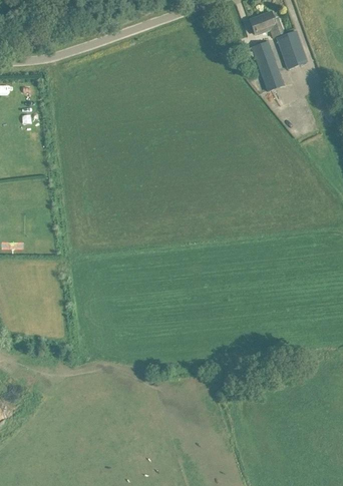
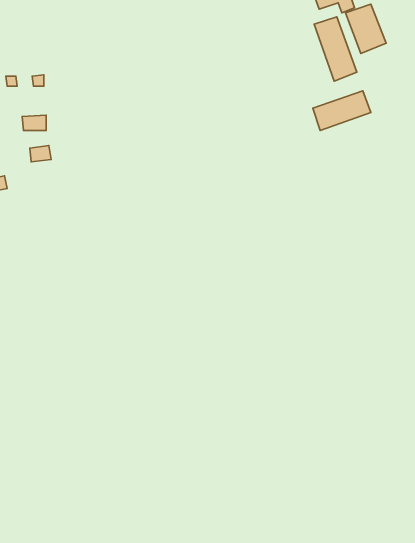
building: none -> [313,91,371,131]

